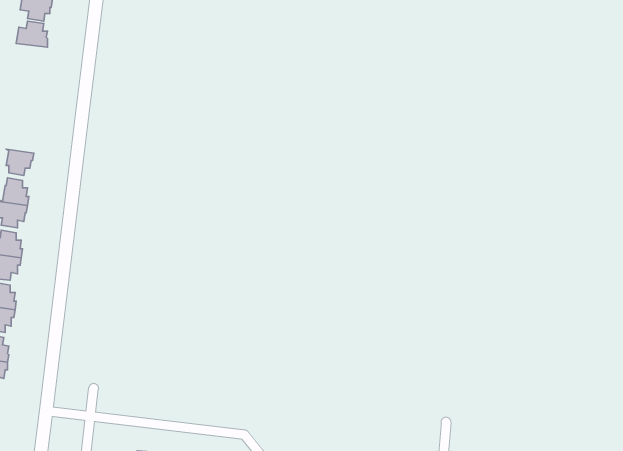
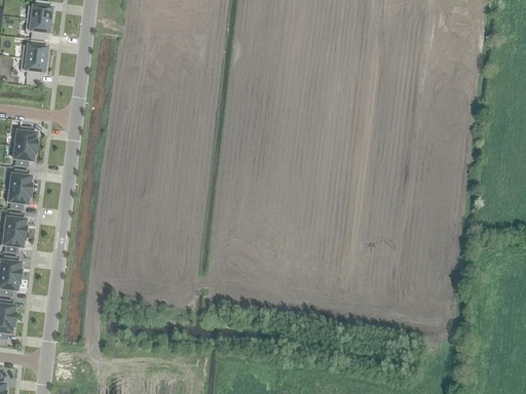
building: none -> [21,56,47,77]
building: none -> [13,124,37,147]

